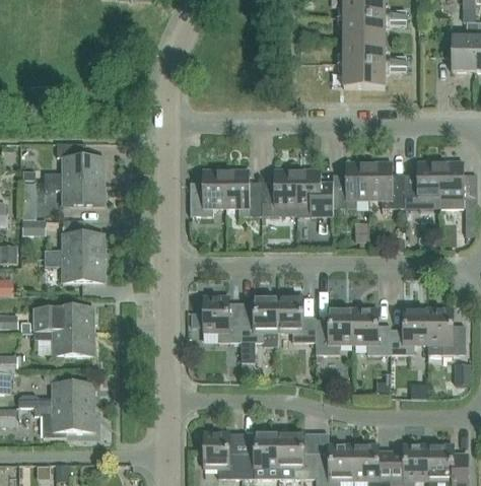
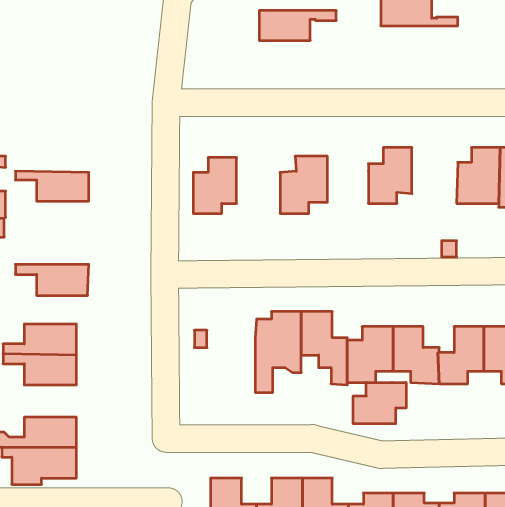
building: [343,63,406,87] -> [259,11,336,40]
building: [45,143,105,183] -> none
building: [368,162,406,208] -> none
building: [225,169,261,216] -> none
building: [299,169,333,215] -> none
building: [45,233,105,258] -> none
building: [203,296,242,342] -> none
building: none -> [353,382,406,424]

